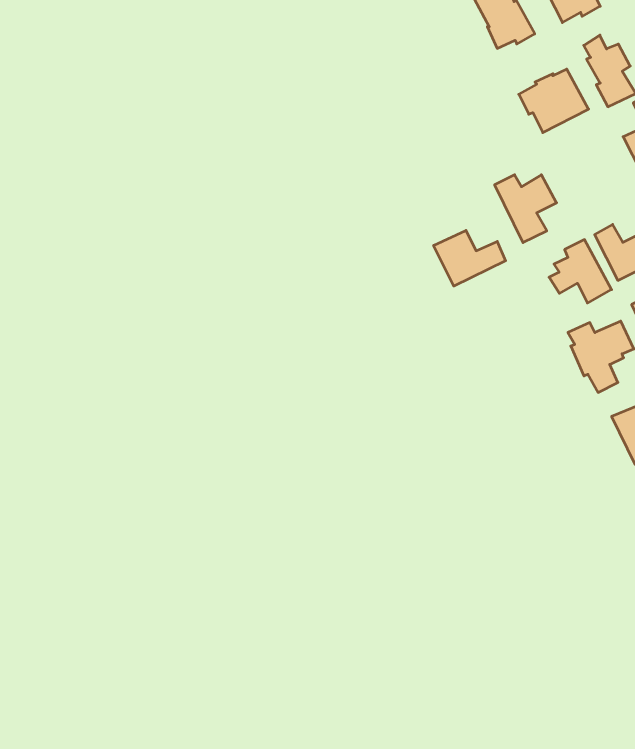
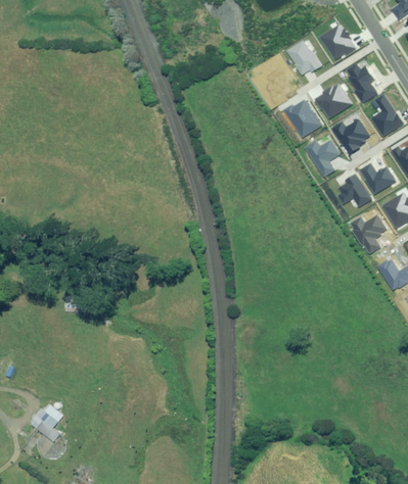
building: none -> [285,98,322,136]
building: none -> [333,117,370,152]
building: [434,230,506,286] -> none

